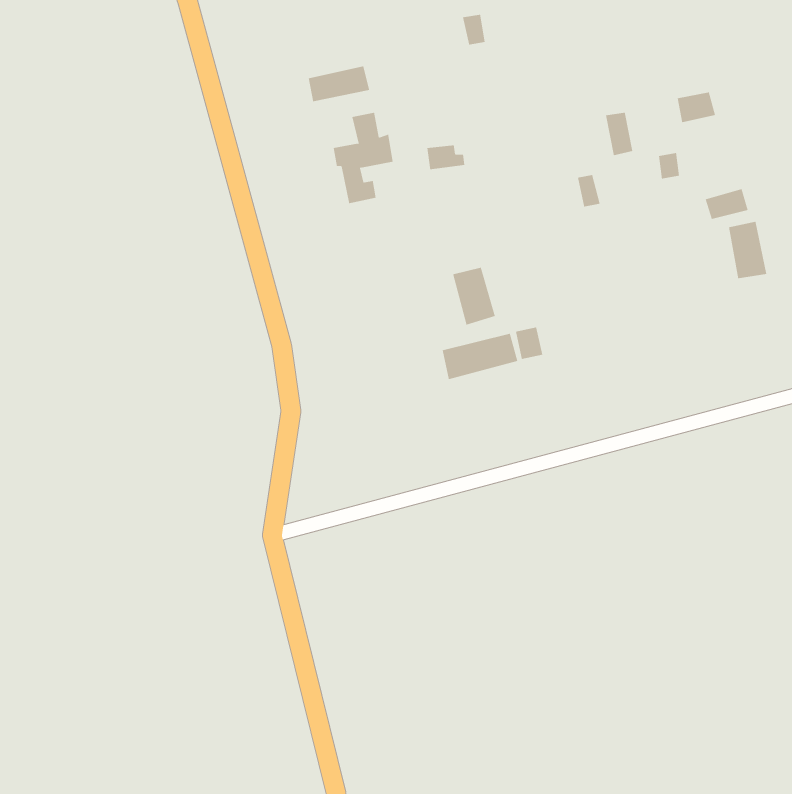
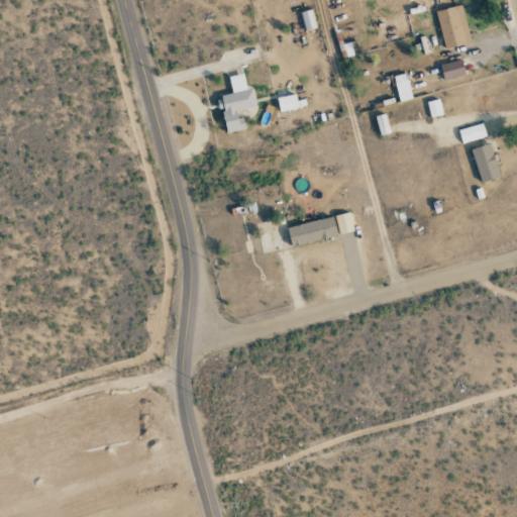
building: none -> [437,4,473,48]
building: [308,66,370,102] -> none
building: [452,267,496,326] -> none

